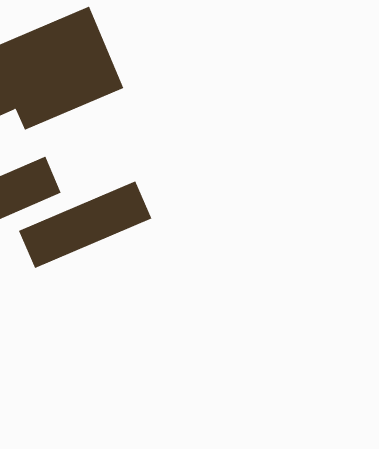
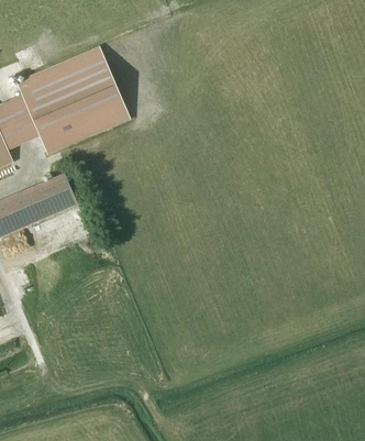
building: [18,180,152,269] -> none

